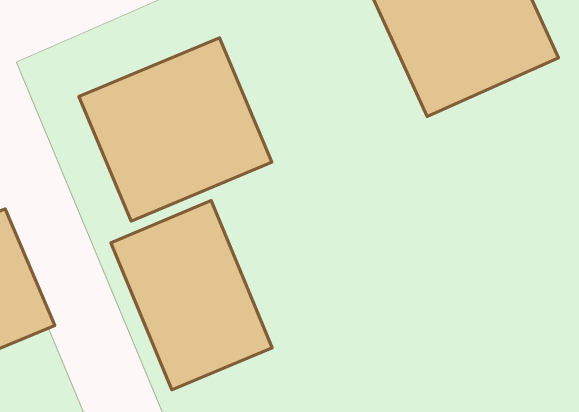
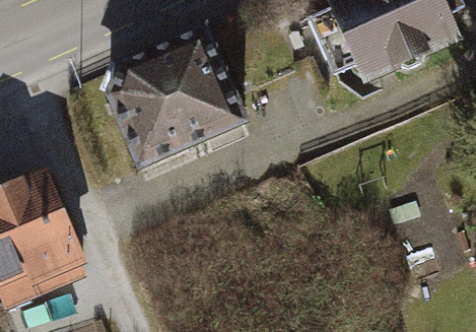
building: [111,201,272,390] -> none

